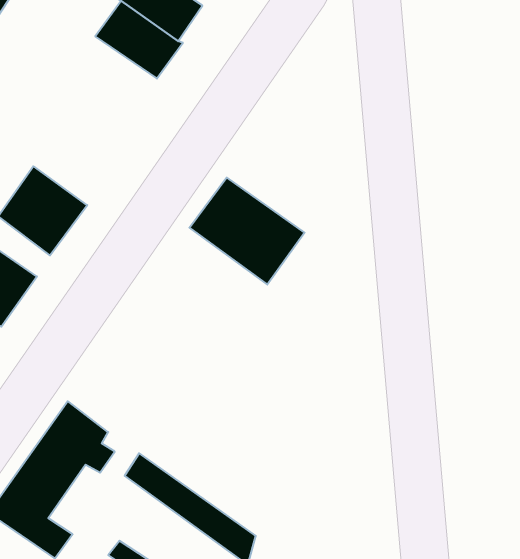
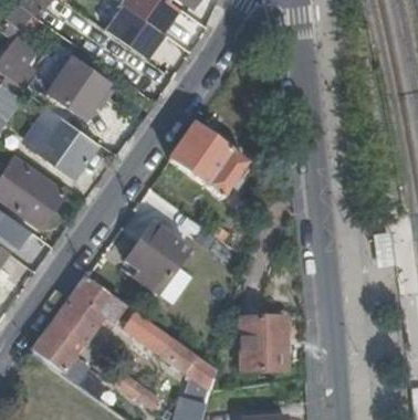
building: none -> [48,55,107,115]
building: none -> [125,224,187,293]
building: none -> [237,316,282,370]

